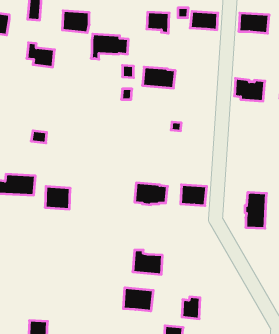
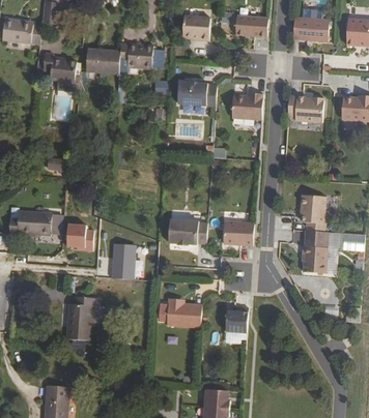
building: [62,11,89,33] -> [86,48,118,73]
building: none -> [17,25,41,47]
building: none -> [232,93,263,120]
building: none -> [301,196,325,232]
building: none -> [110,243,136,279]
building: none -> [64,294,94,339]
building: [123,288,153,311] -> none
building: [182,297,200,319] -> [227,307,249,333]

